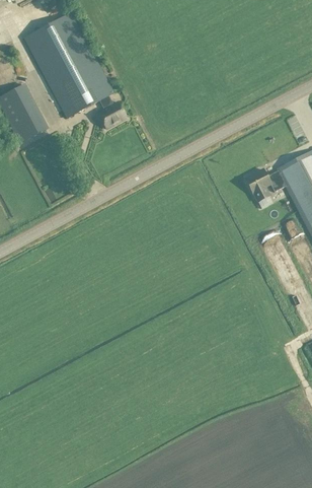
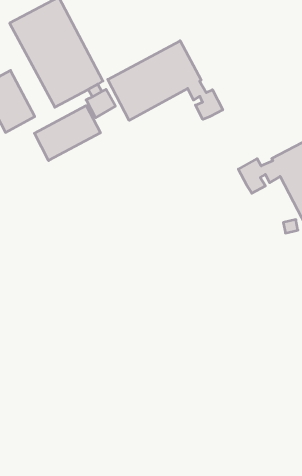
building: none -> [108,41,223,120]
building: none -> [34,106,100,161]

